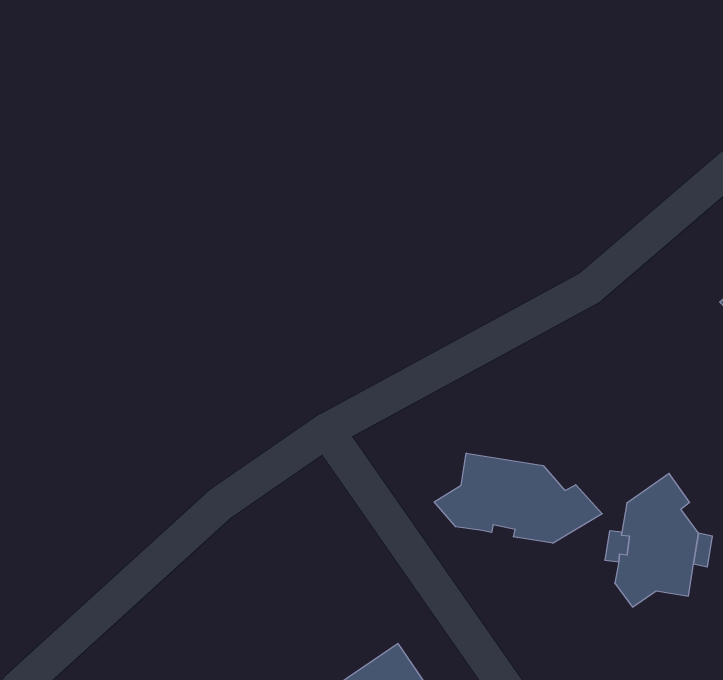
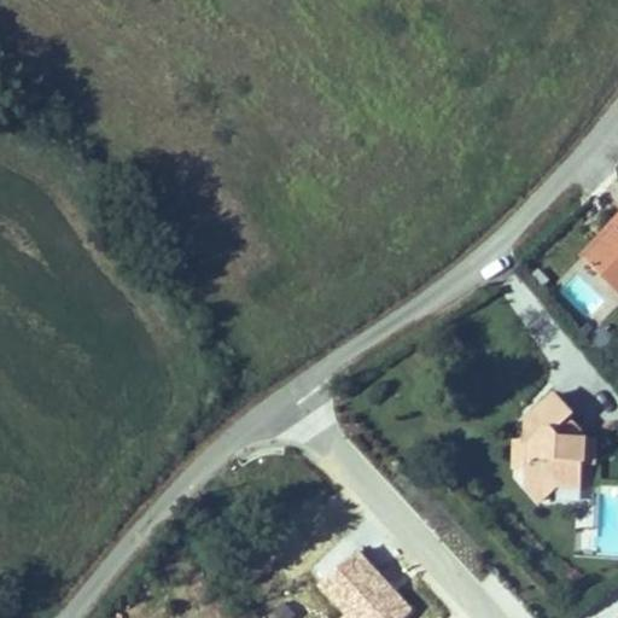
building: [434,453,602,543] -> none

